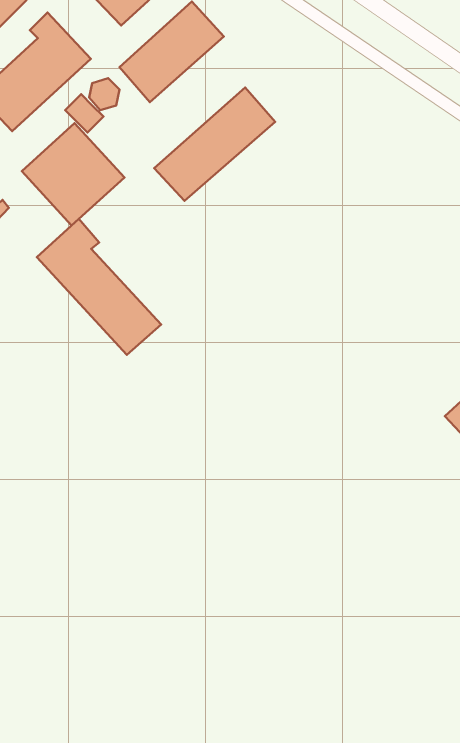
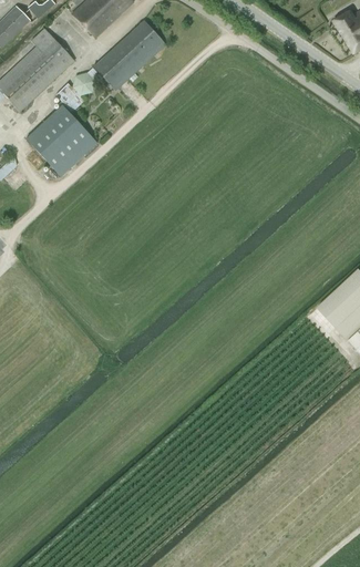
building: [154,87,275,201] -> none
building: [37,219,161,355] -> none

